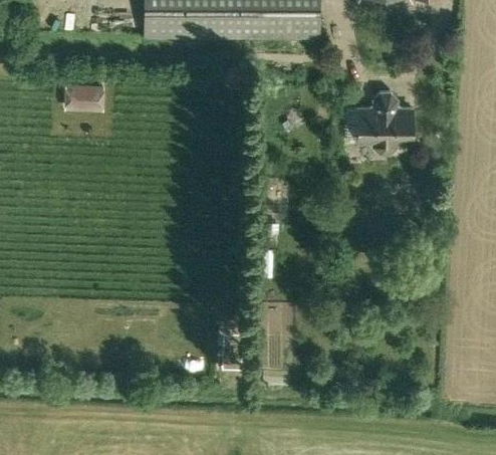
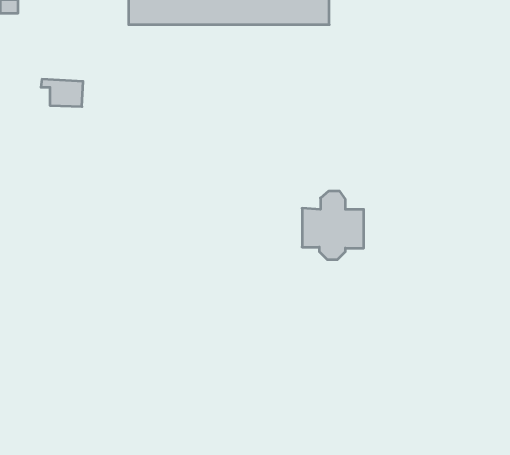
building: [358,91,413,152] -> [302,191,364,260]

